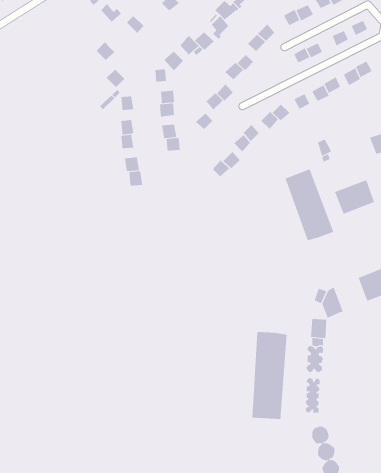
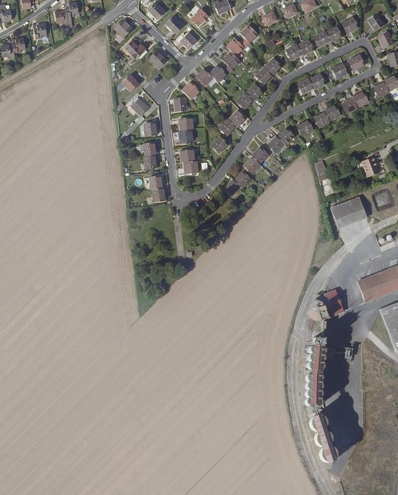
building: [285,168,334,241] -> none
building: [252,331,287,420] -> none

